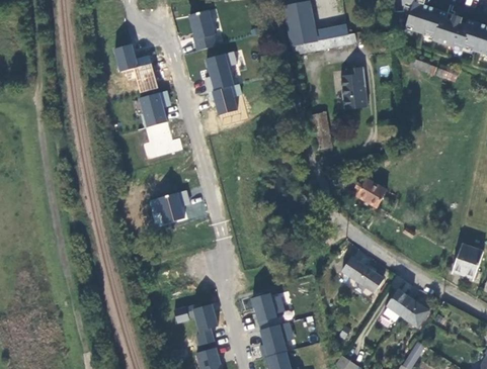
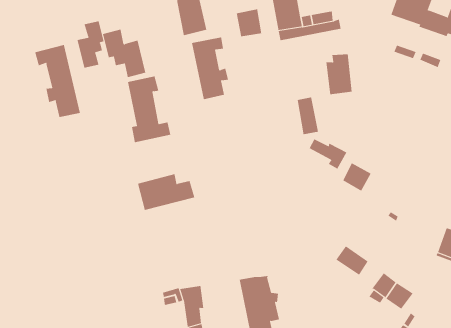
building: none -> [236,8,262,37]
building: none -> [77,20,104,69]
building: none -> [35,44,81,118]
building: none -> [309,138,347,170]

